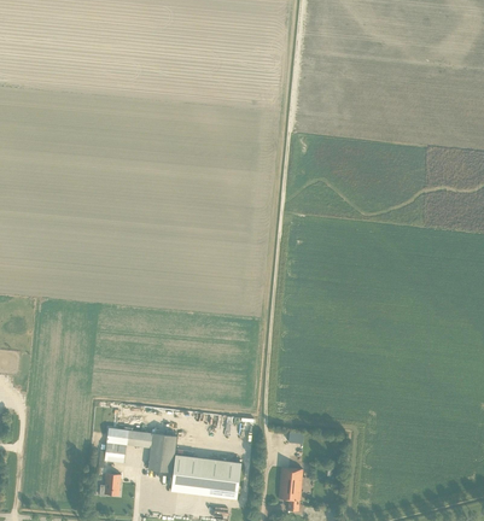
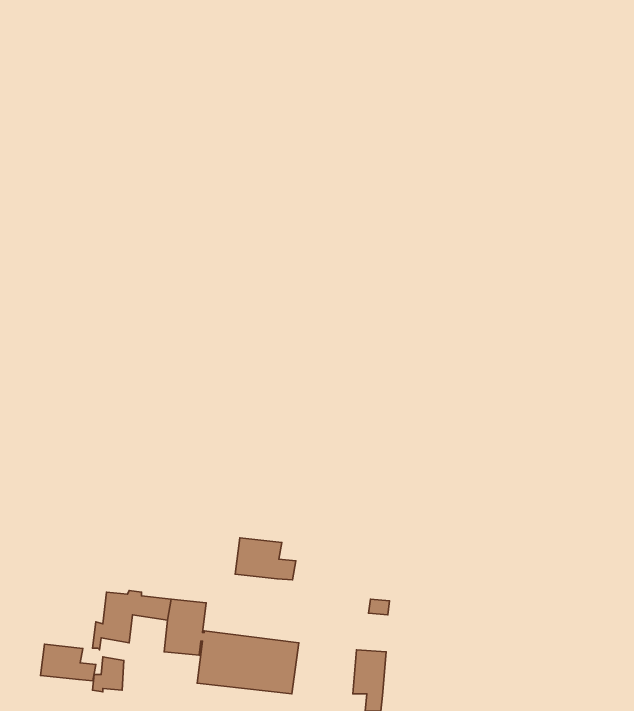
building: none -> [235,538,296,580]
building: none -> [40,644,96,681]

